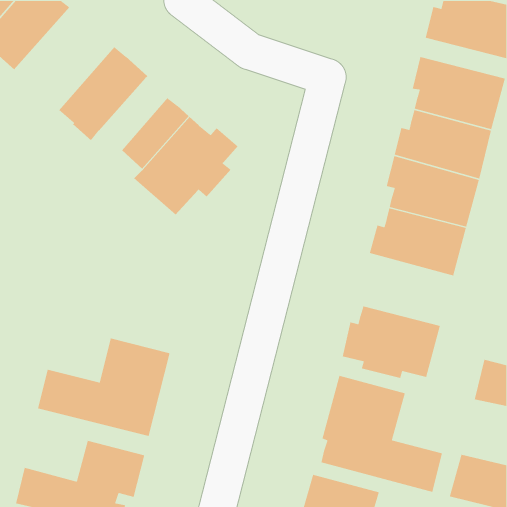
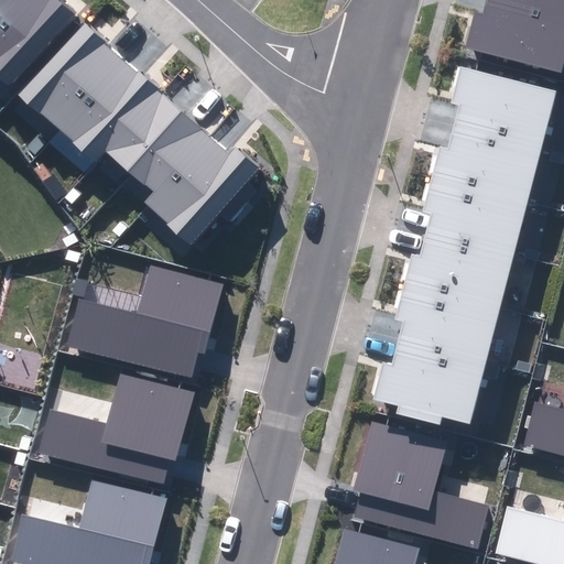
building: none -> [25,24,126,127]
building: none -> [109,91,184,171]
building: none -> [67,273,213,381]
building: none -> [397,284,499,364]

